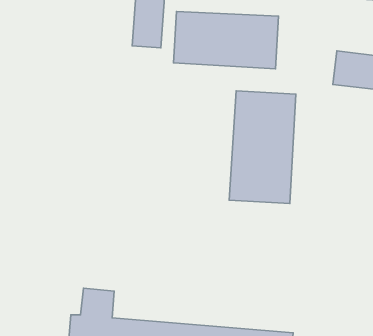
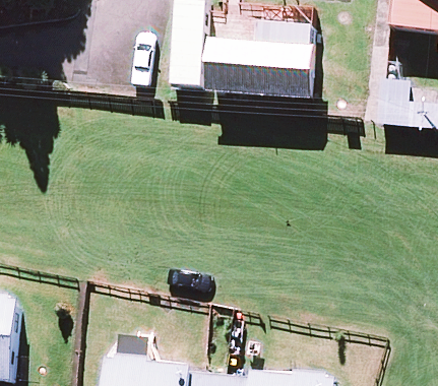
building: [229,91,296,204] -> none

